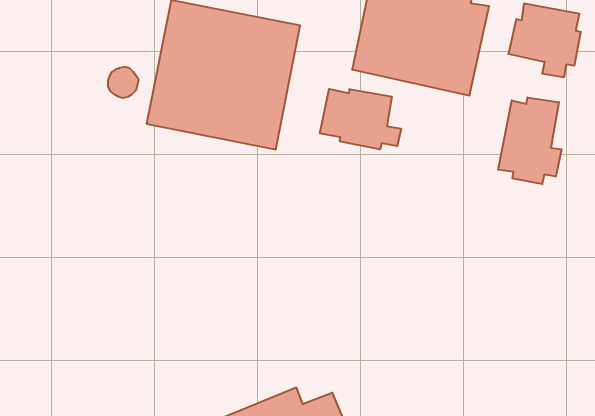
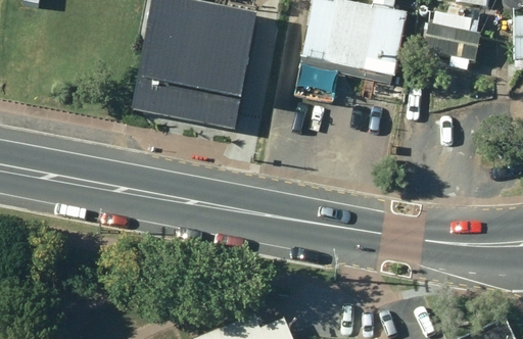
building: [320,89,401,149] -> none
building: [498,97,561,184] -> none

